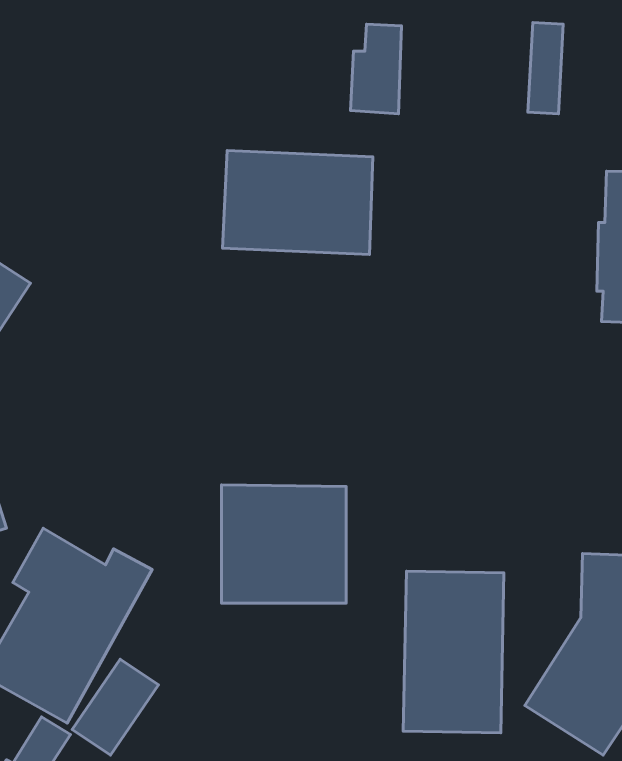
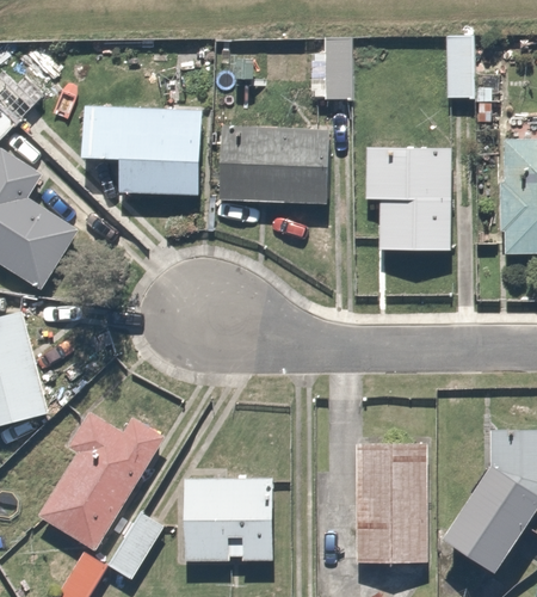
building: none -> [79,104,203,196]
building: none -> [365,147,452,251]
building: [221,485,346,603] -> [183,472,276,560]

